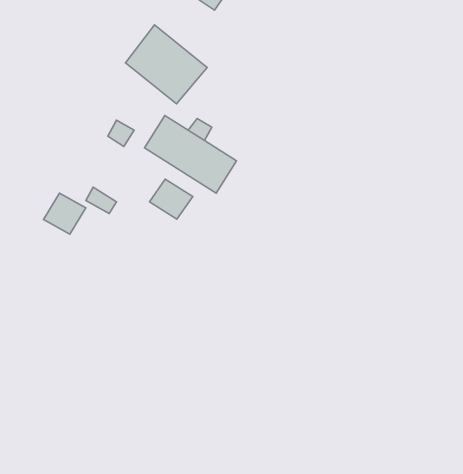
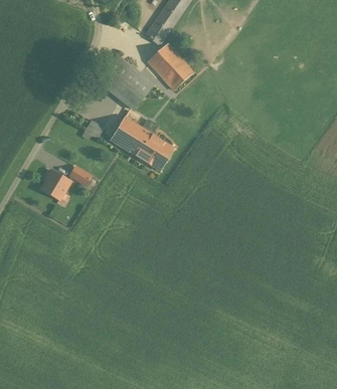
building: none -> [147,42,193,89]
building: [149,179,193,219] -> none

